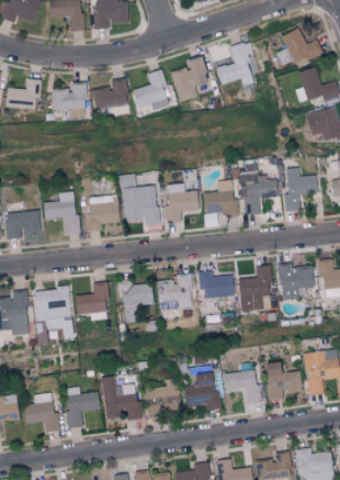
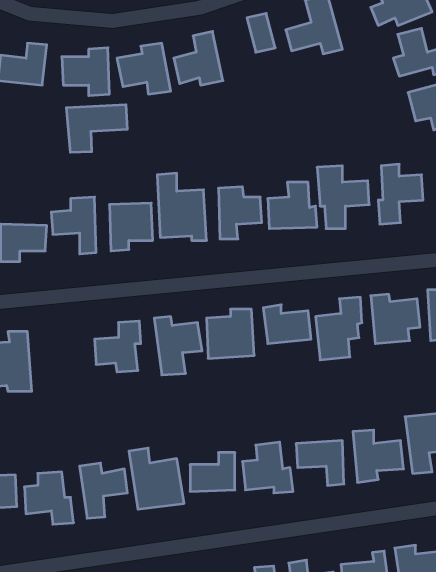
building: [170,66,197,102] -> none
building: none -> [66,105,127,152]
building: [36,289,71,328] -> none

